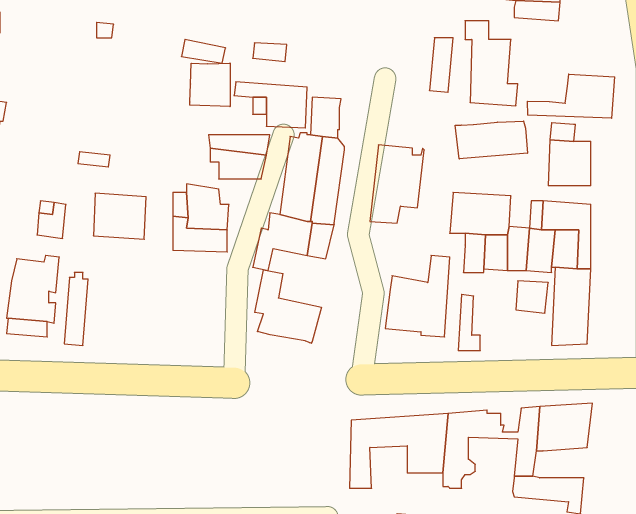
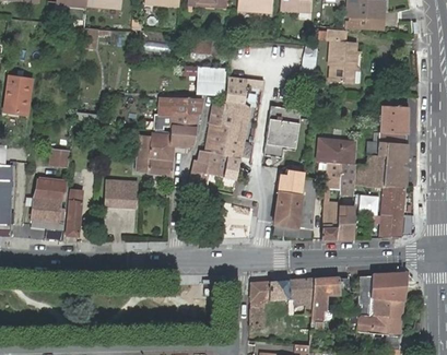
building: [190,63,230,107] -> none
building: [527,74,615,118] -> none
building: [455,121,527,159] -> none
building: none -> [166,128,193,145]
building: [93,193,146,239] -> [104,179,138,209]
building: none -> [278,170,304,194]
building: [255,270,321,343] -> none
building: none -> [334,208,351,238]
building: none -> [373,300,403,320]

